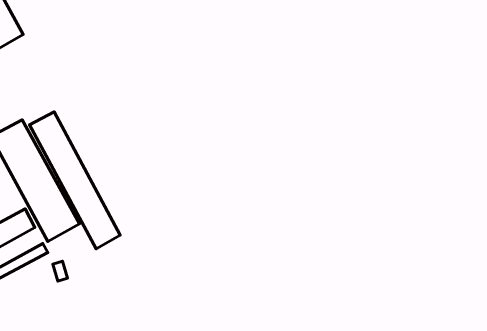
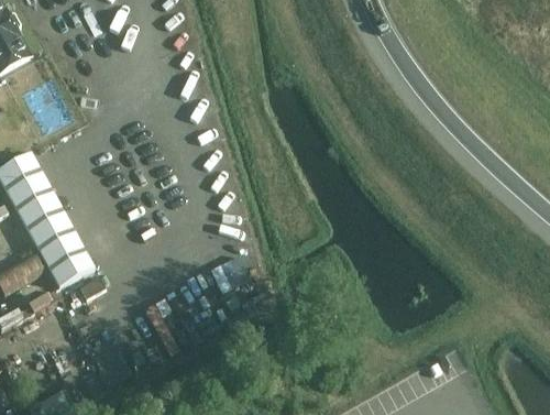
building: [29,112,120,249] -> none

